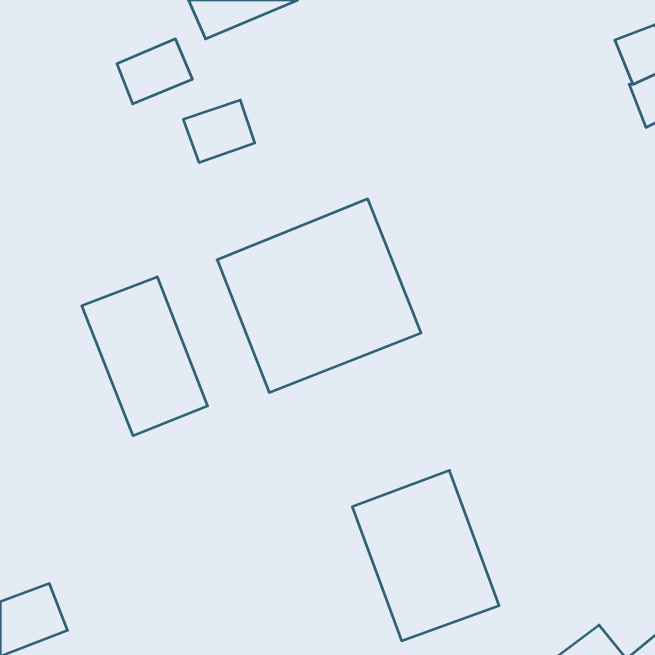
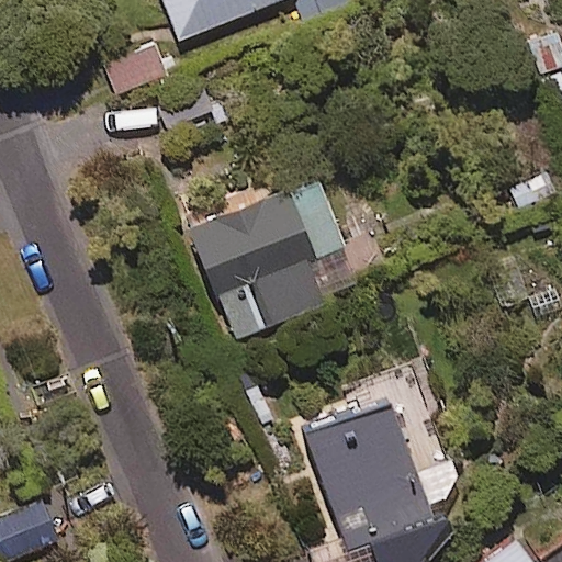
building: [82,277,208,436] -> none

